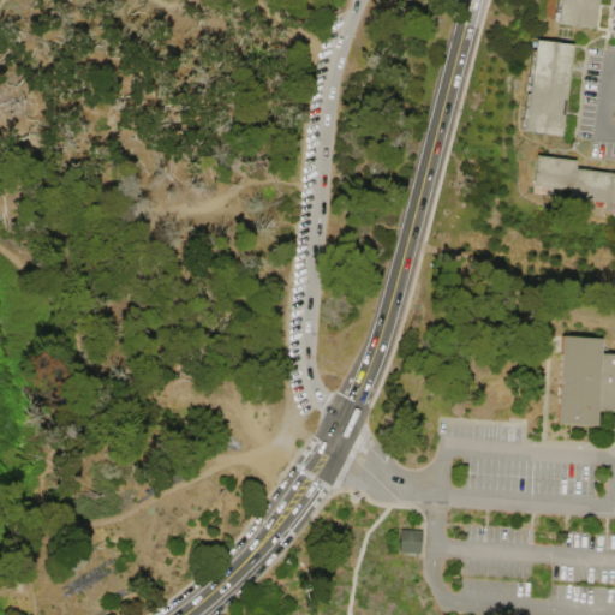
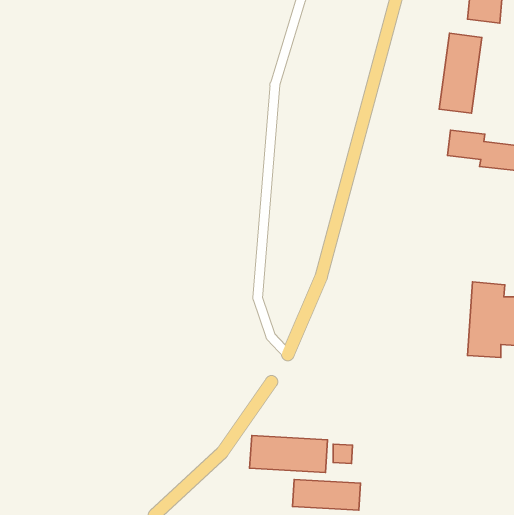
building: none -> [250,436,327,472]
building: none -> [293,479,361,510]

